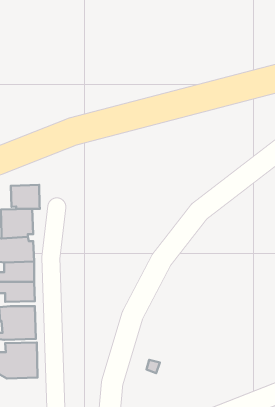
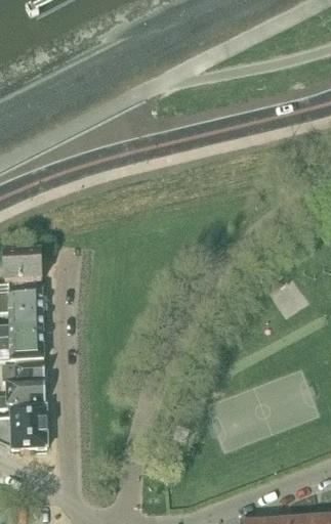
building: [11,185,40,209] -> none

